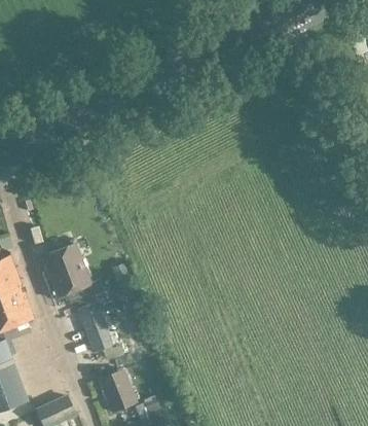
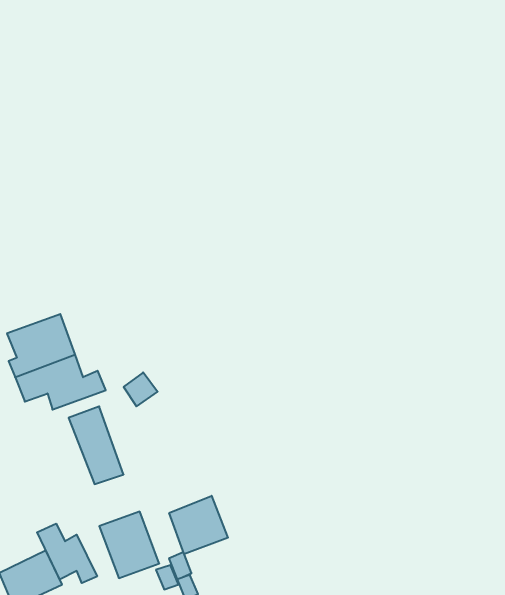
building: none -> [169,496,228,554]
building: none -> [37,524,97,583]

